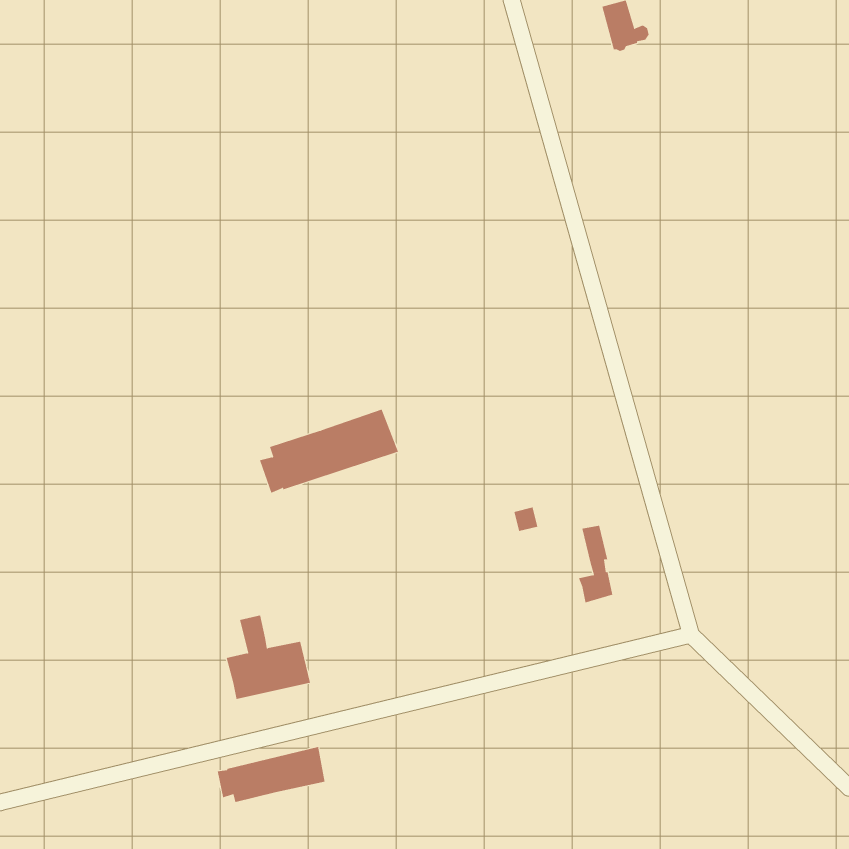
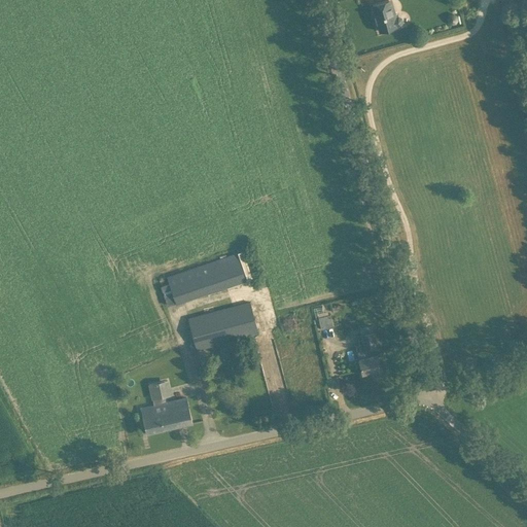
building: none -> [187,302,258,349]
building: [217,746,325,803] -> none

